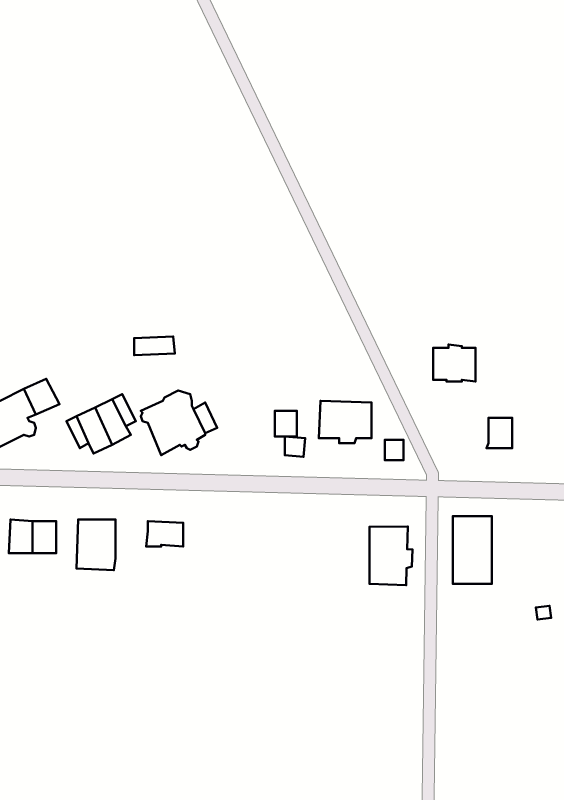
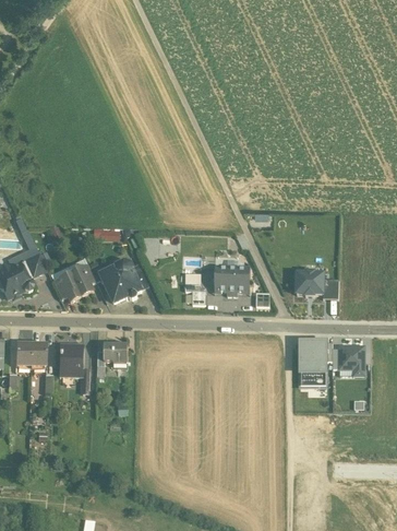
building: [433,344,475,382] -> [294,270,322,294]
building: none -> [338,345,362,374]
building: [370,526,412,585] -> none

